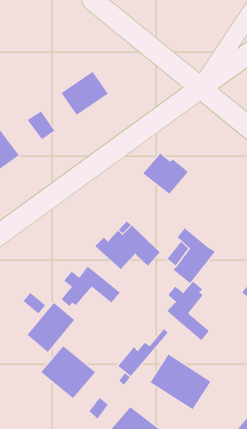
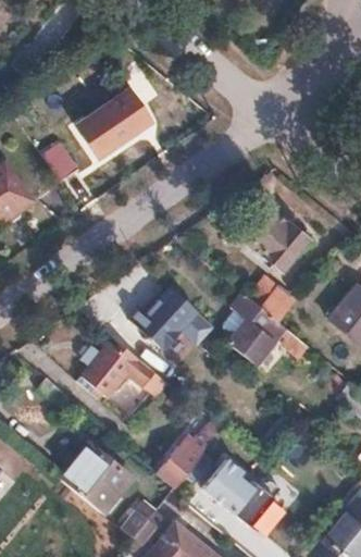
building: [142,152,189,195] -> [249,212,309,267]
building: none -> [248,274,294,319]
building: [166,281,210,341] -> none
building: [26,302,75,353] -> none

